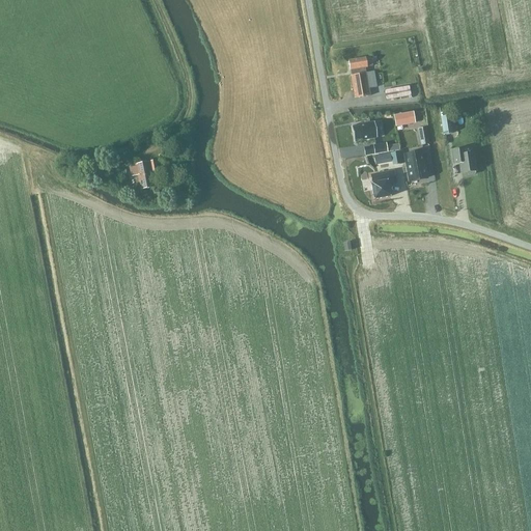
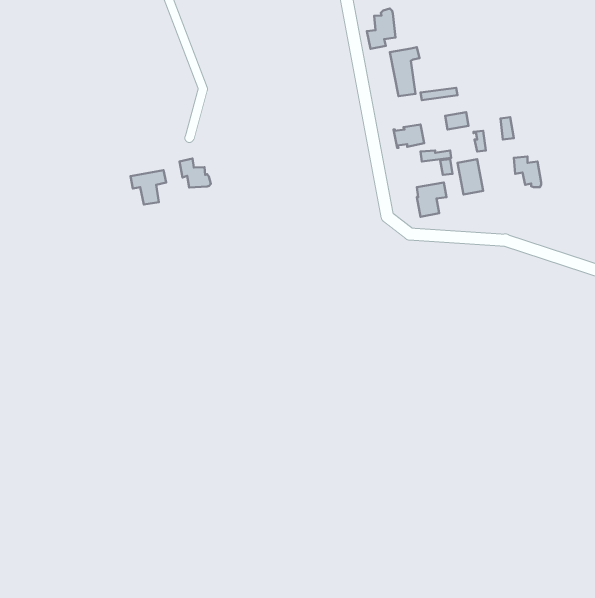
building: none -> [367,9,395,49]
building: none -> [179,159,211,188]

